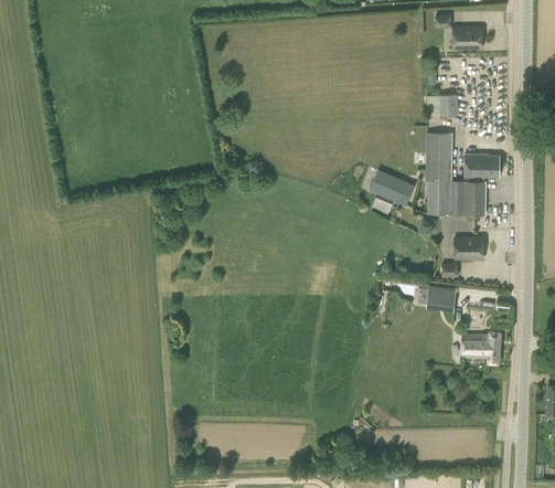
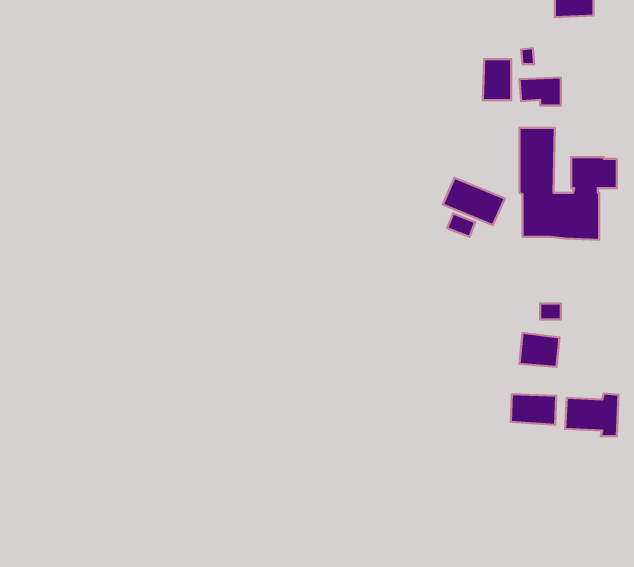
building: none -> [483,59,511,100]
building: [453,236,482,258] -> none
building: none -> [511,394,556,425]

